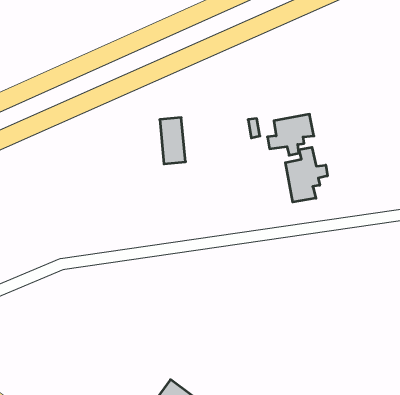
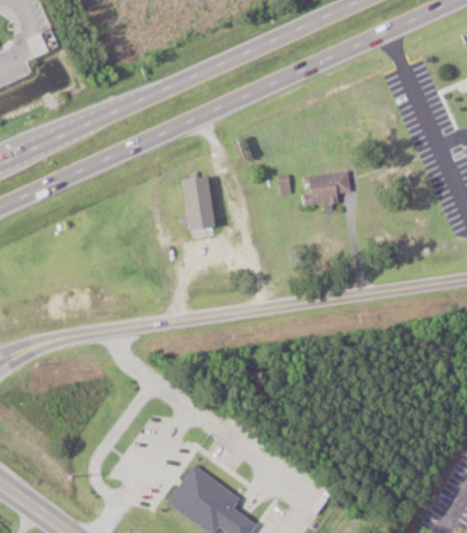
building: [285,147,327,202] -> none

